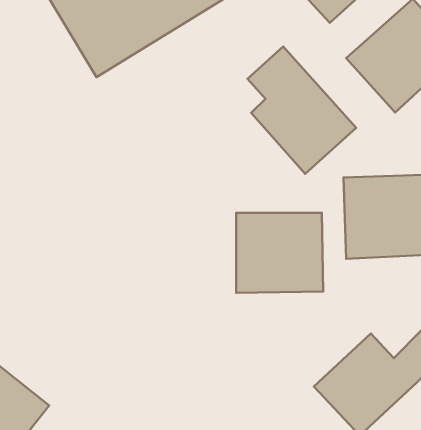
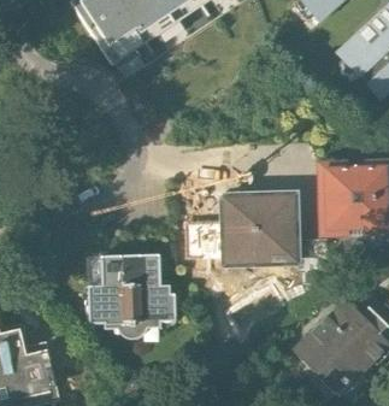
building: [248,47,356,174] -> none
building: none -> [92,253,178,335]

